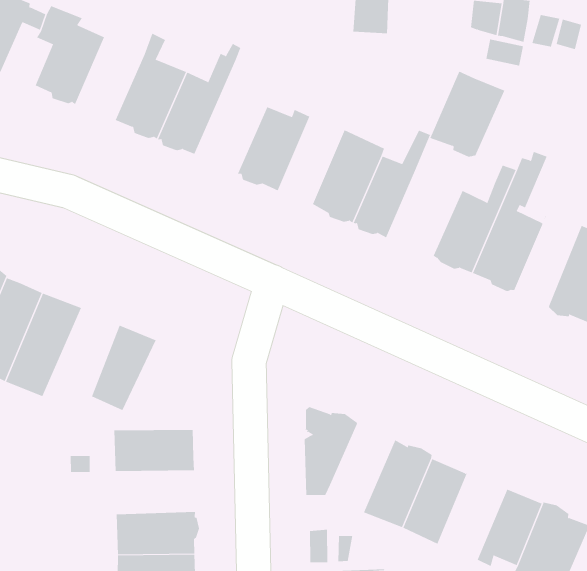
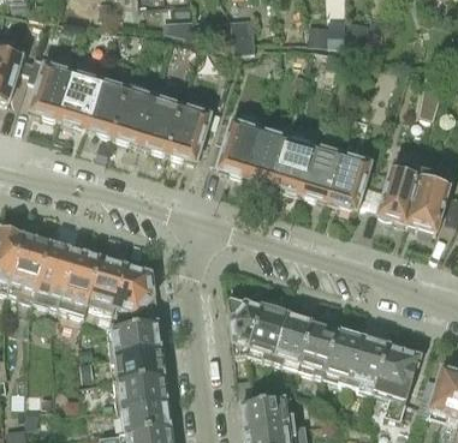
building: none -> [59,72,100,125]
building: none -> [139,78,183,151]
building: [429,71,505,157] -> [269,137,315,192]
building: none -> [58,249,102,316]
building: none -> [106,263,157,325]
building: none -> [250,305,289,361]
building: none -> [323,327,364,384]
building: none -> [109,346,166,379]

